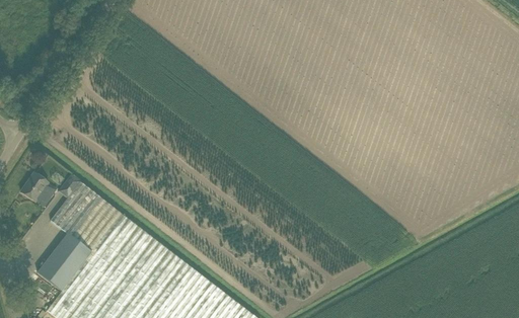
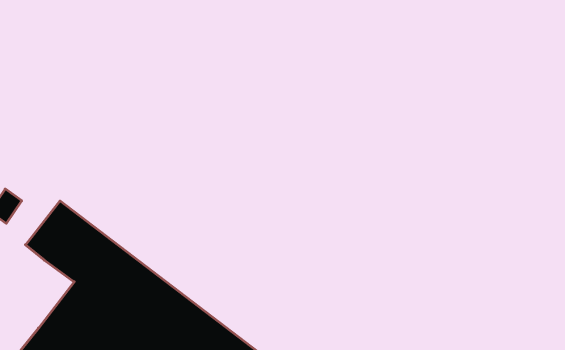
building: [36,232,91,290] -> none

